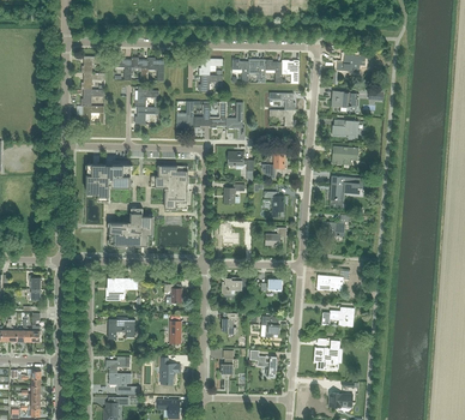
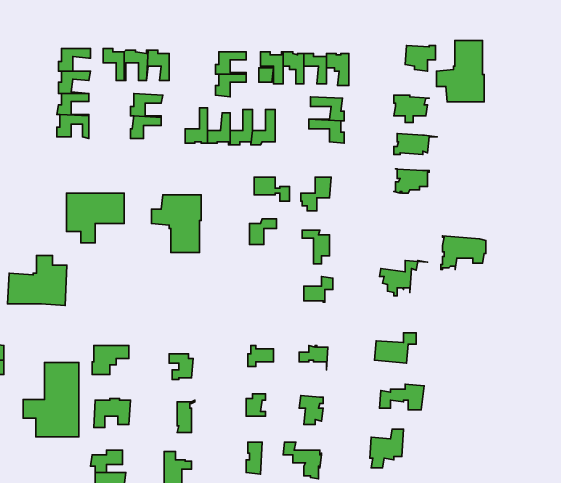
building: none -> [437,41,484,102]
building: [330,175,363,200] -> [441,236,486,269]
building: [109,209,153,246] -> [7,256,67,305]
building: none -> [23,363,79,437]

